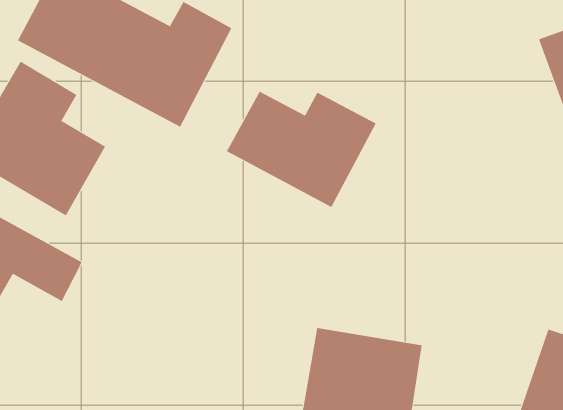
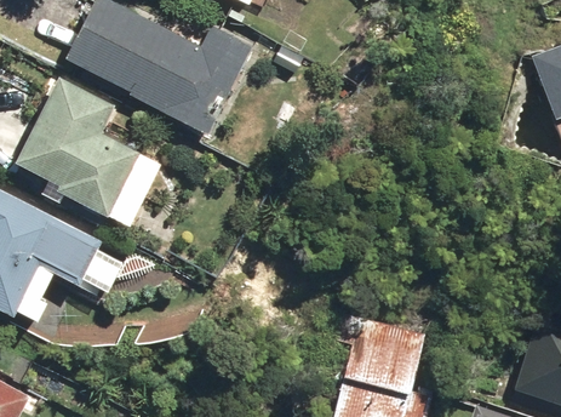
building: [226,91,377,208] -> none

